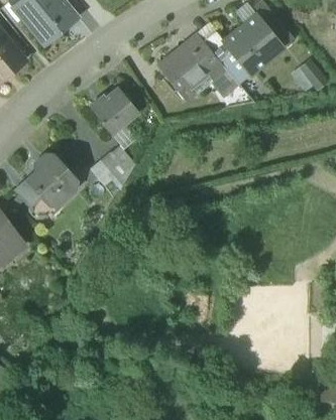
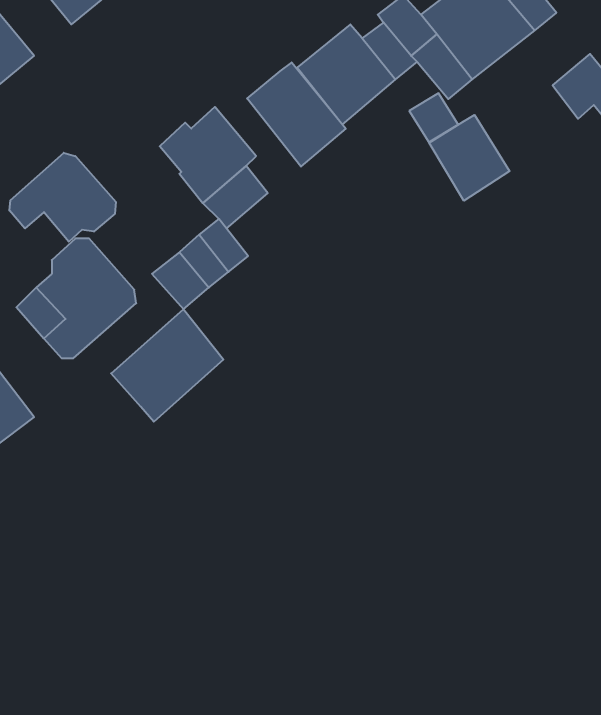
building: none -> [247,62,346,167]
building: none -> [429,115,510,201]
building: none -> [9,153,116,242]
building: none -> [111,309,223,422]

